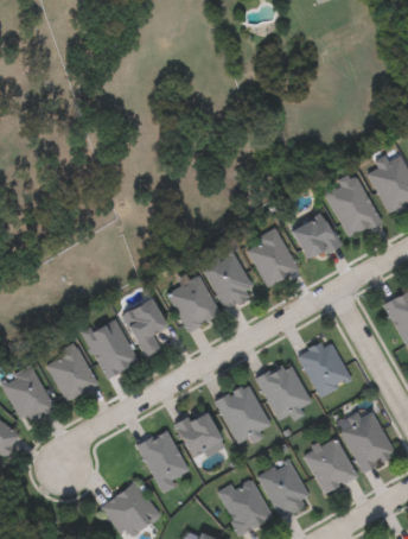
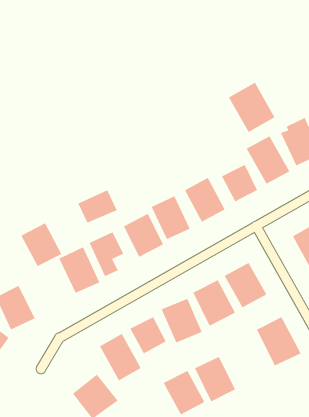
building: none -> [228,82,275,133]
building: none -> [78,190,117,224]
building: [44,345,97,402] -> [20,223,62,267]
building: [304,437,357,494] -> none

